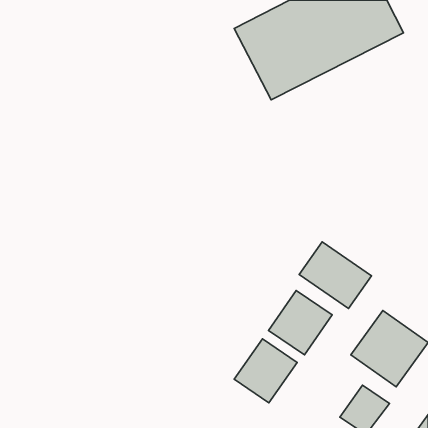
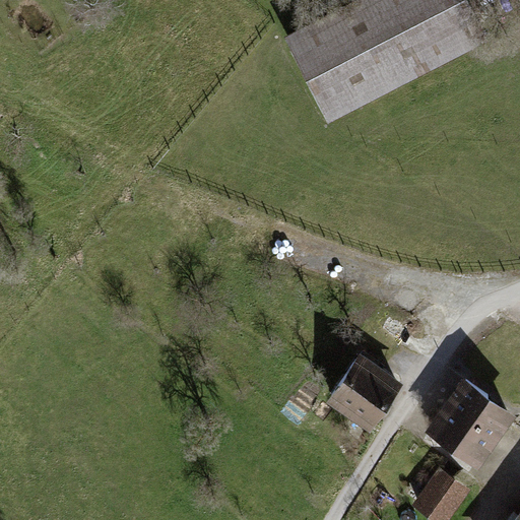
building: [299,242,372,309] -> none
building: [234,339,297,403] -> none

